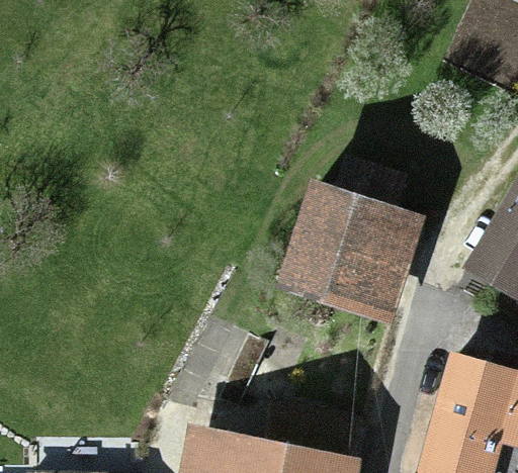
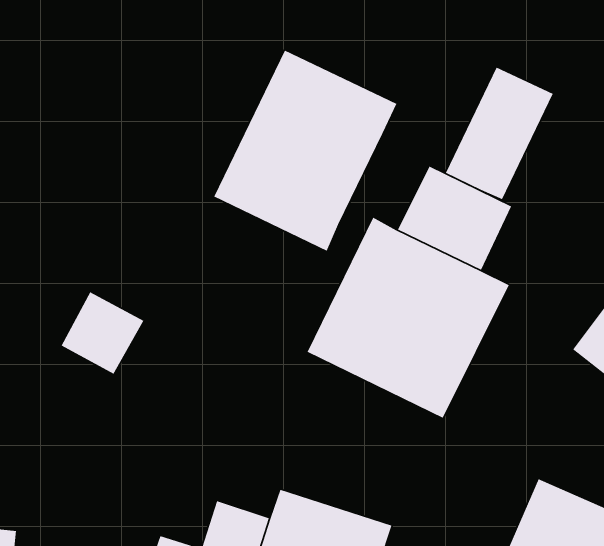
building: none -> [445,66,554,200]
building: none -> [213,50,398,252]

